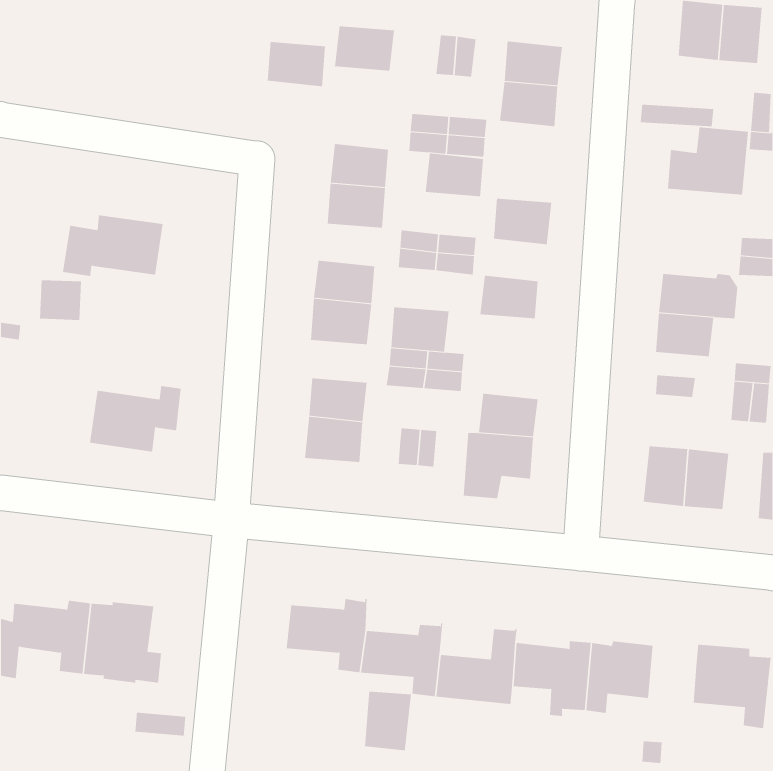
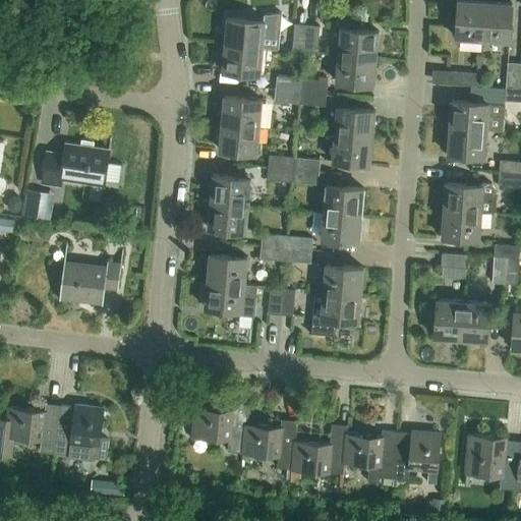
building: [267,42,326,87] -> [223,46,263,76]
building: [425,153,484,197] -> [334,108,373,137]
building: none -> [447,128,486,159]
building: [390,307,449,352] -> [321,213,360,243]
building: [365,691,411,751] -> none

